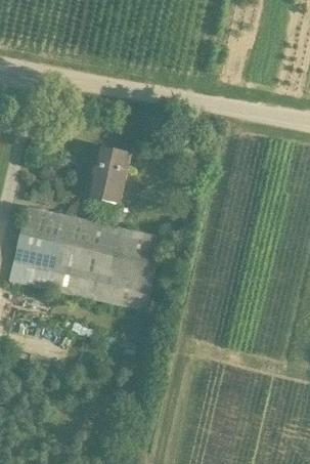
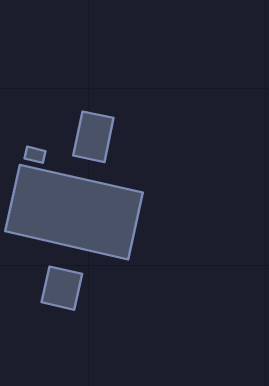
building: none -> [41,266,82,310]

